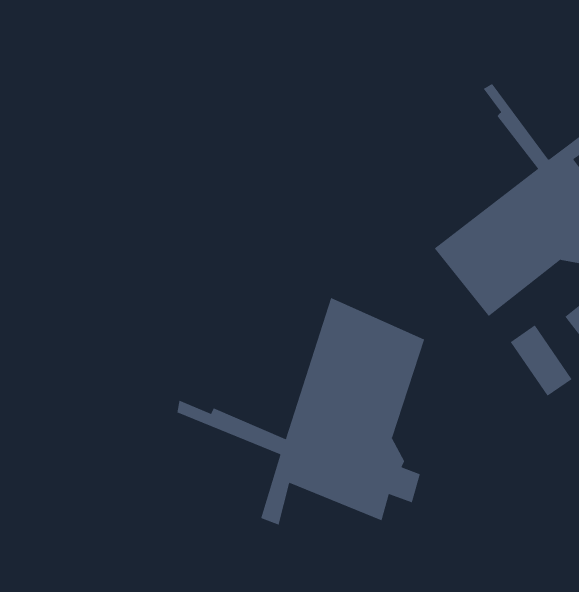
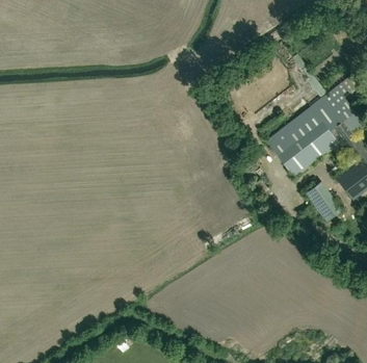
building: [177,297,425,525] -> none

